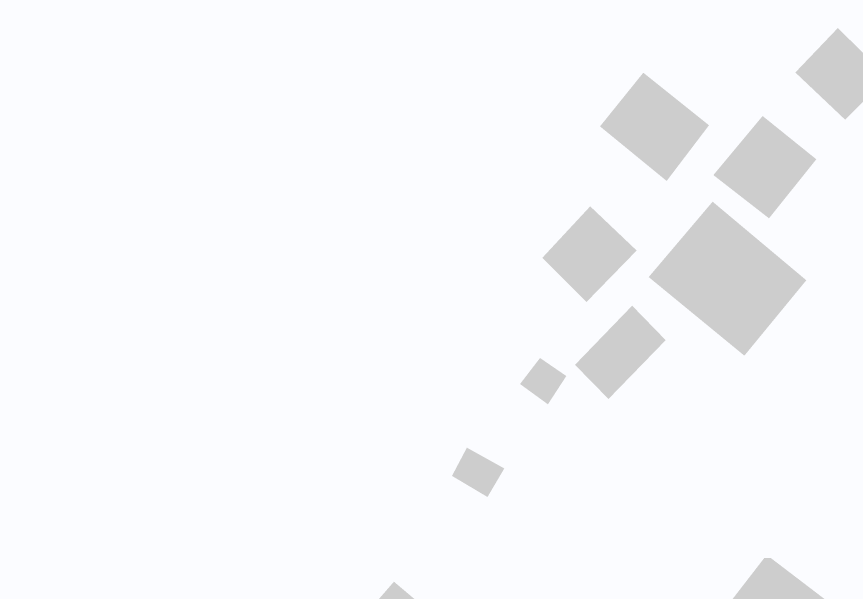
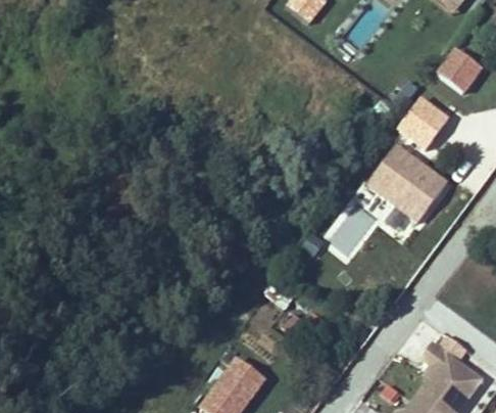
building: [599,71,710,182] -> none
building: [541,206,638,303] -> none

